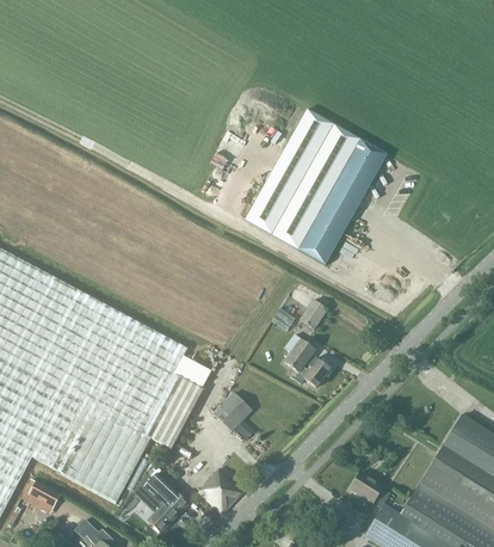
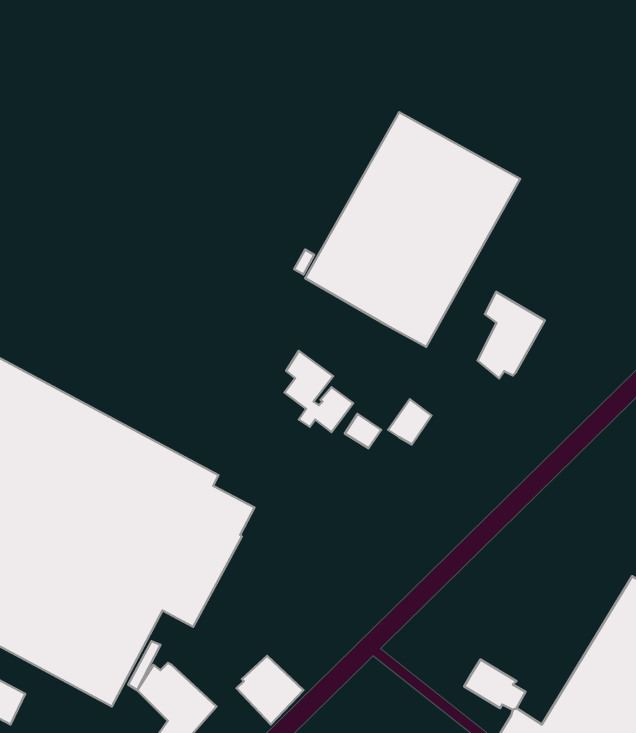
building: none -> [477,292,545,378]
building: [284,333,329,387] -> [284,351,353,432]
building: [214,392,254,440] -> none

